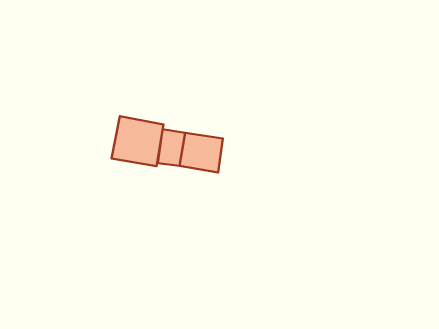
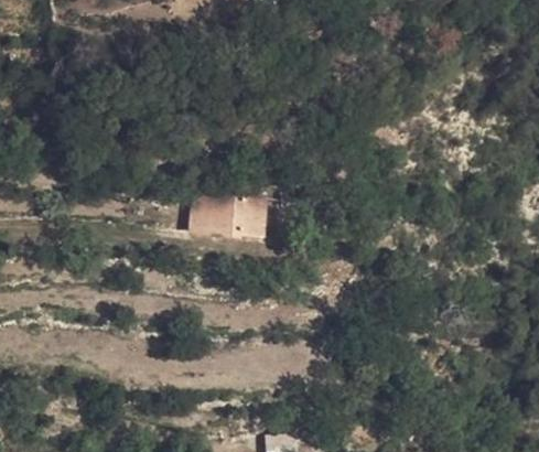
building: [112,116,163,166] -> none

